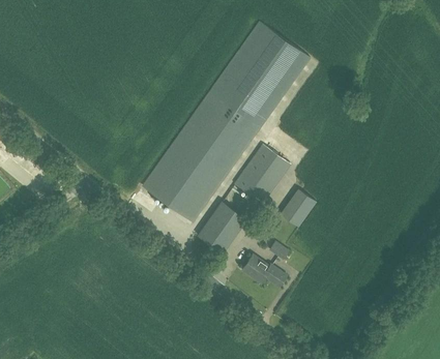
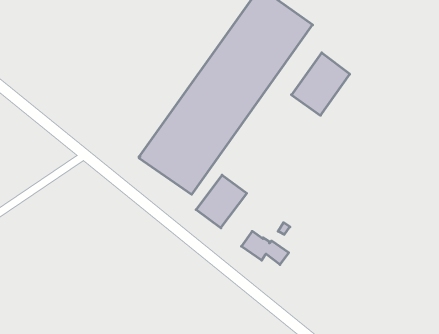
building: [234,144,290,204] -> [291,53,350,115]
building: [281,190,316,228] -> none

